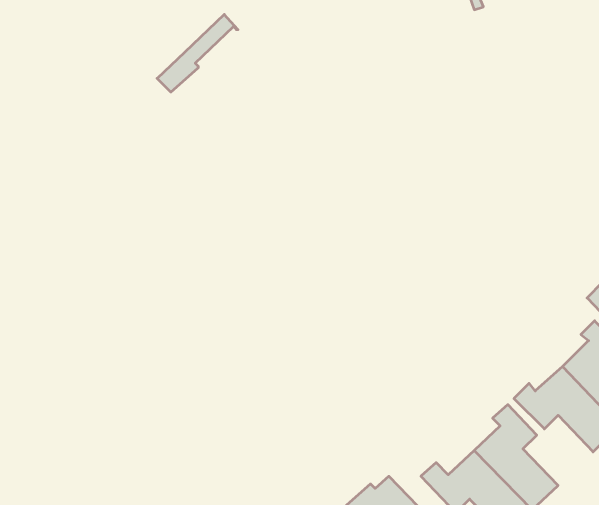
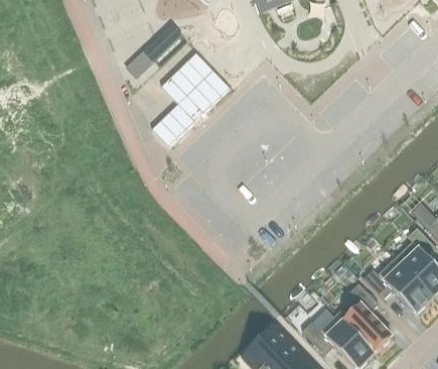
building: none -> [153,52,231,146]

